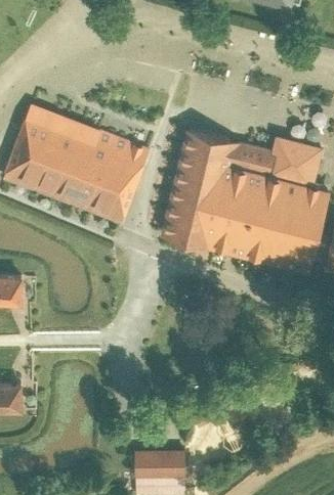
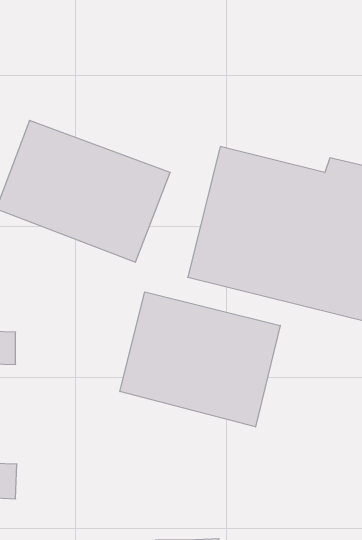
building: none -> [120,292,280,427]

